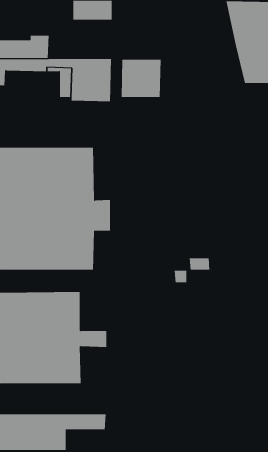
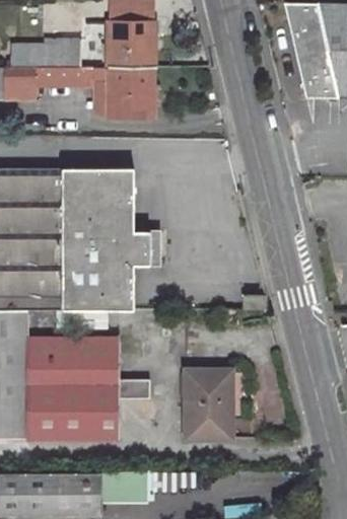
building: [121,59,162,97] -> [109,24,155,68]
building: none -> [185,370,233,439]

